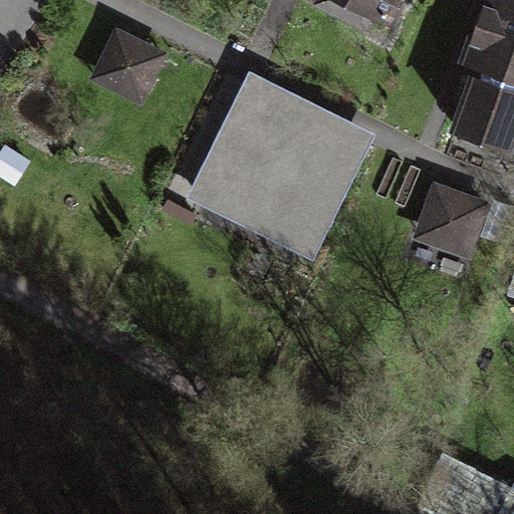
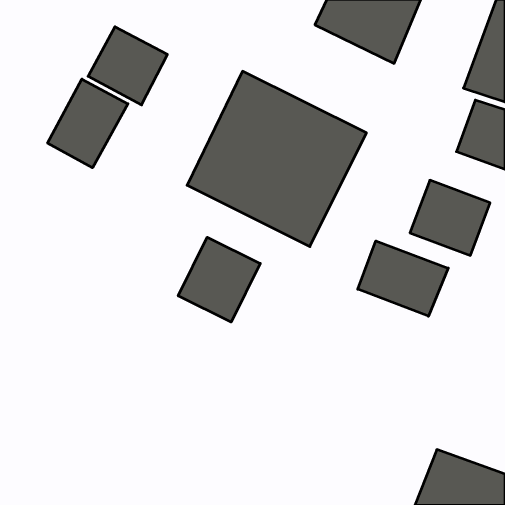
building: none -> [48,79,128,168]
building: none -> [178,237,260,322]
building: none -> [358,241,448,316]

